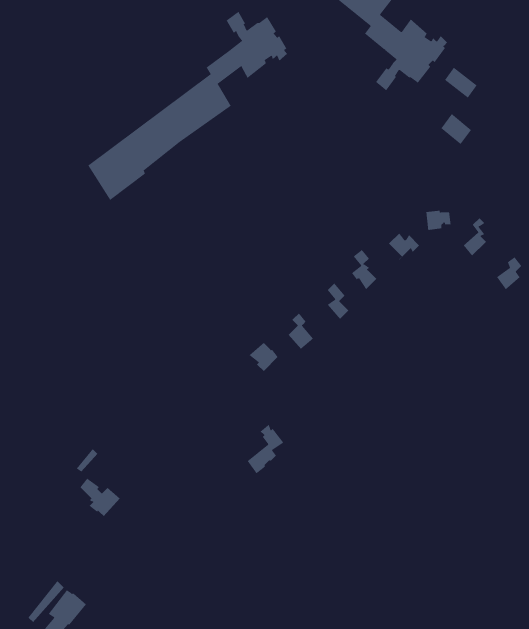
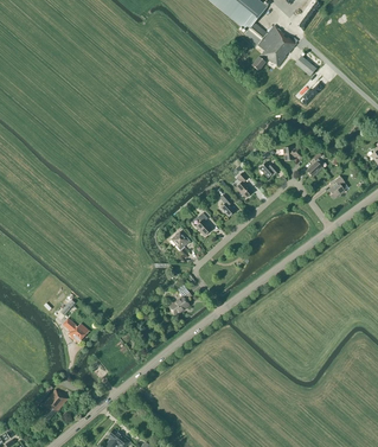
building: [88,11,288,201] -> none

